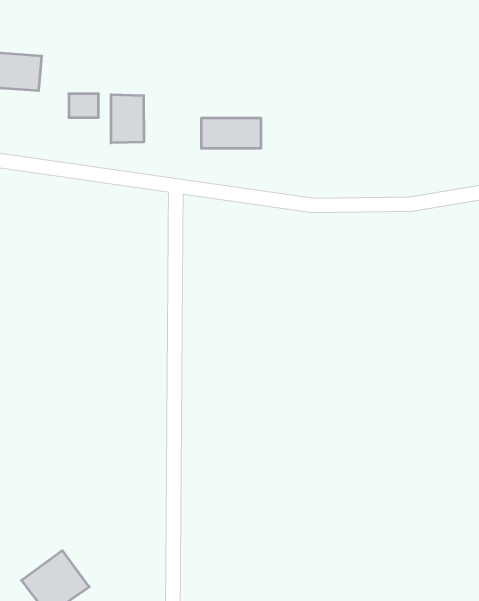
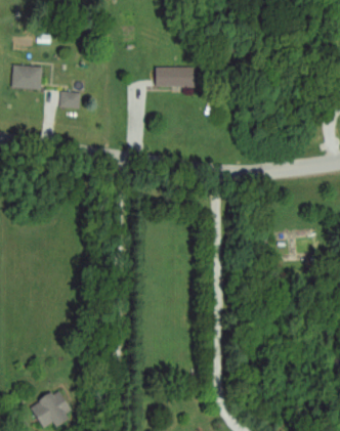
building: [111,95,144,143] -> none
building: [201,118,261,148] -> [156,68,195,87]

